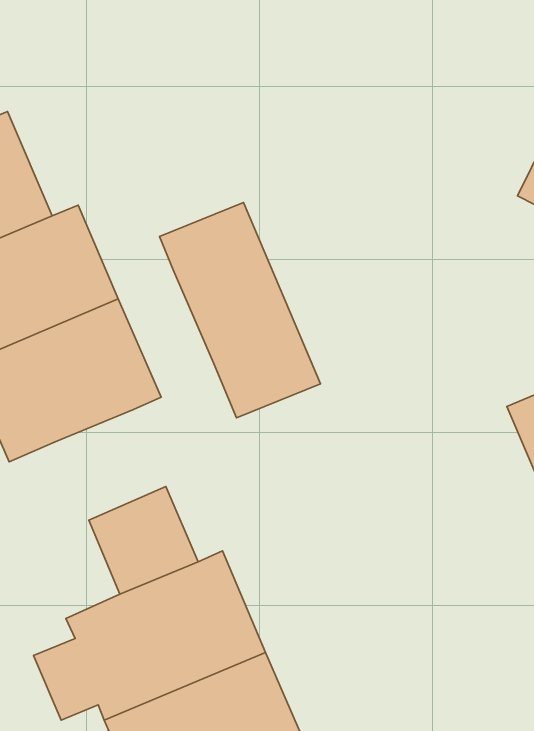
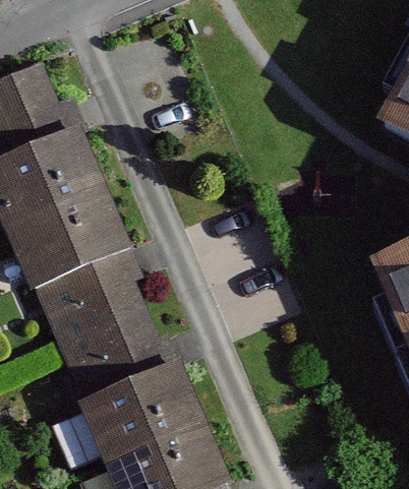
building: [160,202,320,418] -> none
building: none -> [72,271,145,345]

